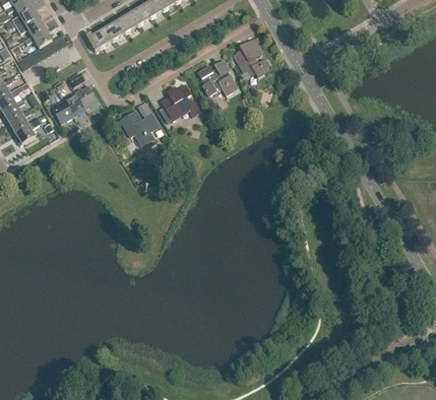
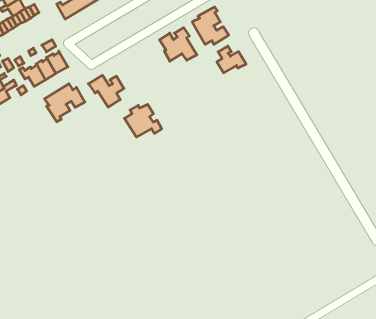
building: none -> [217,46,246,73]
building: [160,83,200,119] -> [124,104,162,137]
building: none -> [45,84,85,122]

